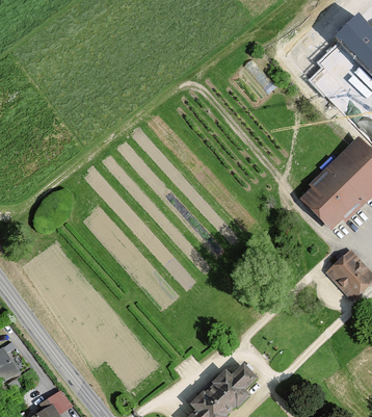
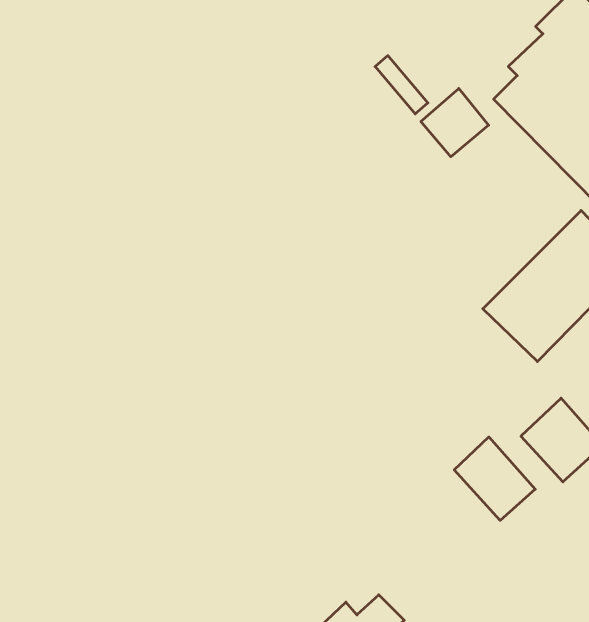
building: none -> [421,88,489,157]
building: none -> [454,437,535,520]

